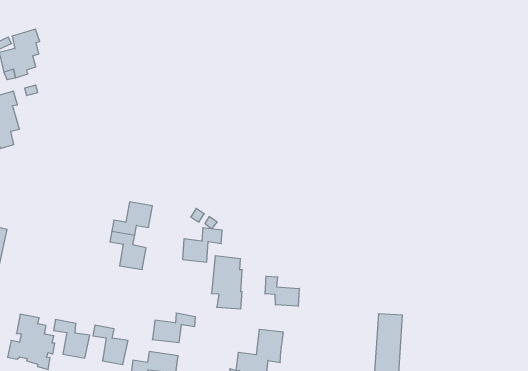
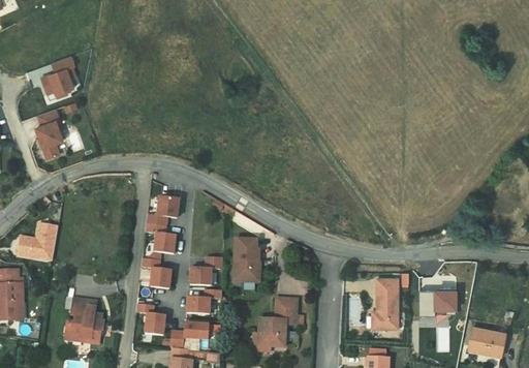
building: [183,228,222,262] -> [190,256,222,285]
building: [265,276,299,306] -> none
building: [54,320,90,358] -> [141,257,172,288]
building: none -> [433,290,456,311]

